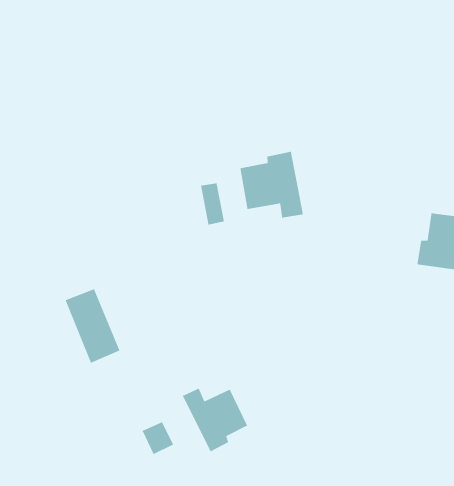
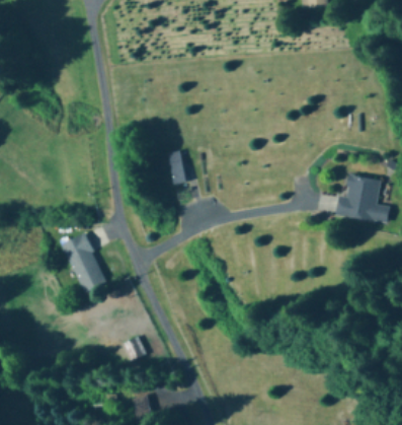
building: [239,151,304,218] -> none
building: [182,387,248,452] -> none

